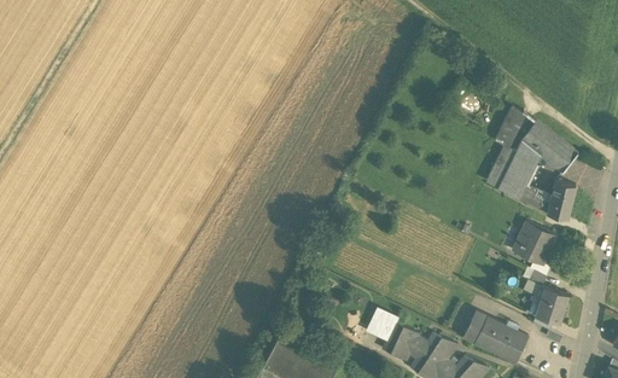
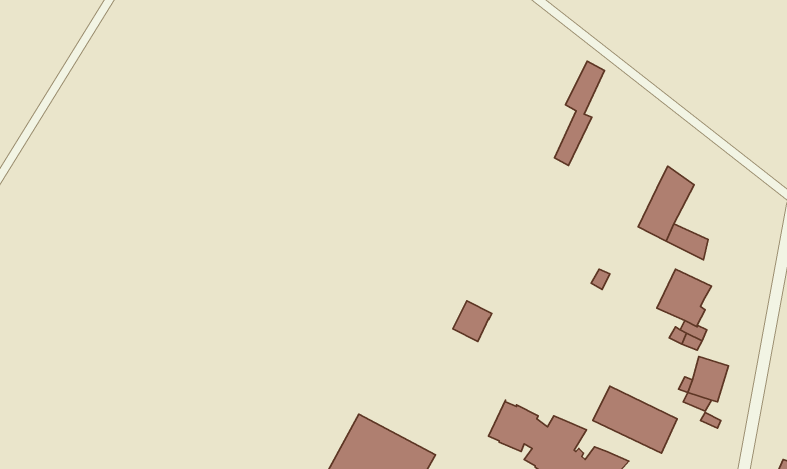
building: [486,106,525,187] -> [554,61,604,166]
building: [520,120,578,173] -> none
building: [547,180,576,219] -> none
building: [367,308,397,339] -> [453,301,492,341]

